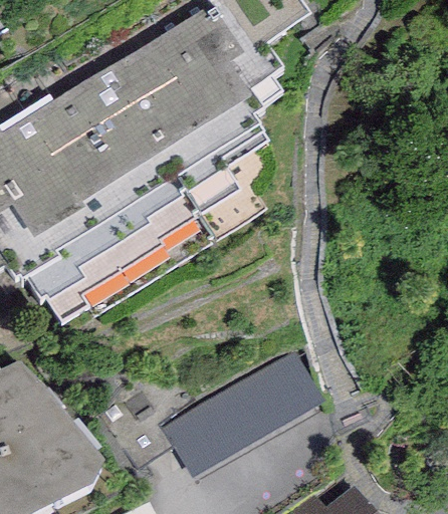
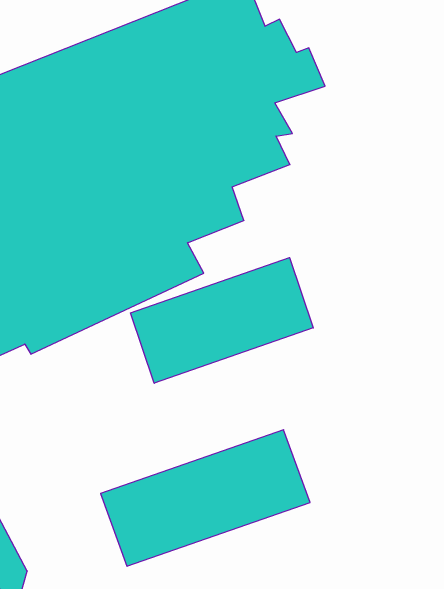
building: none -> [131,258,313,383]

